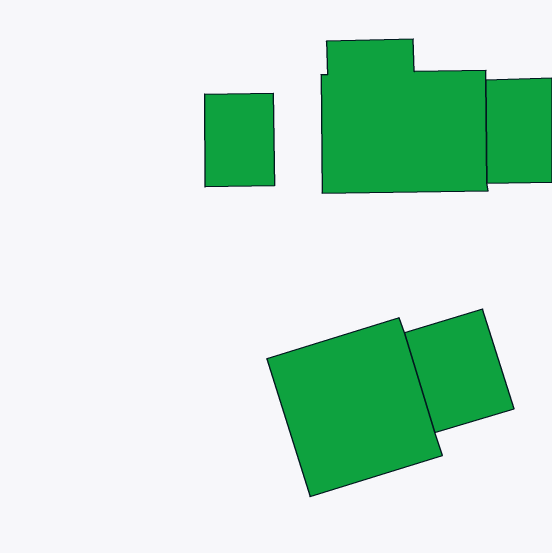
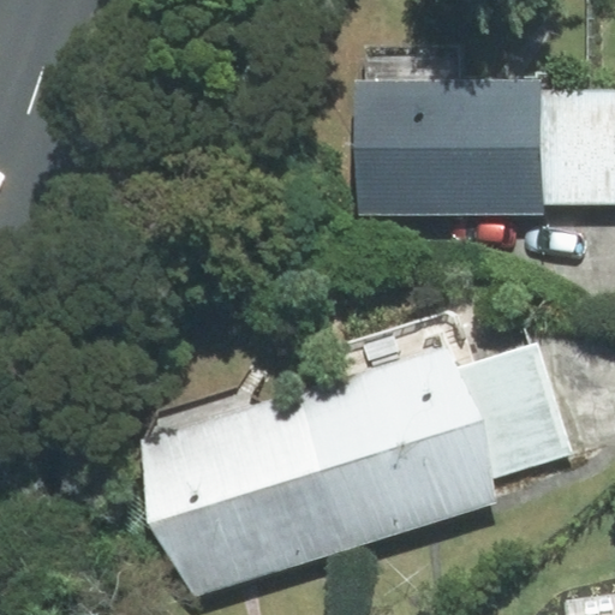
building: [205,93,274,187] -> none
building: none -> [144,398,344,597]

